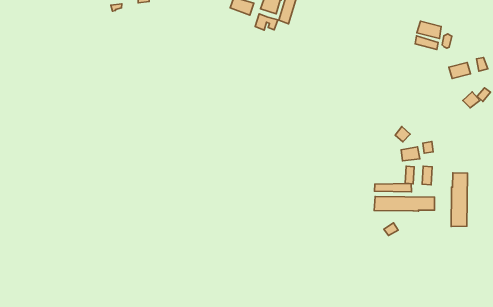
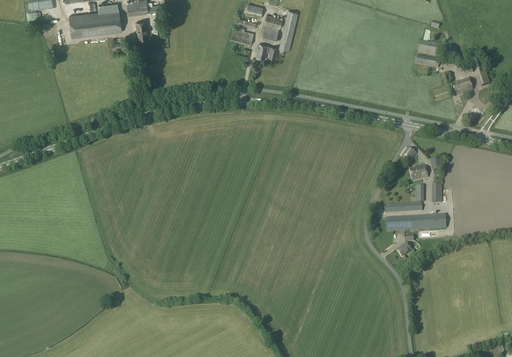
building: [451,173,468,227] -> none

